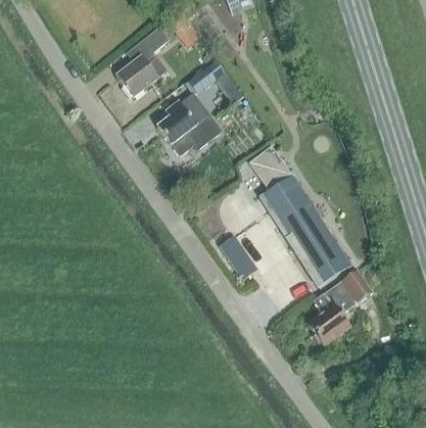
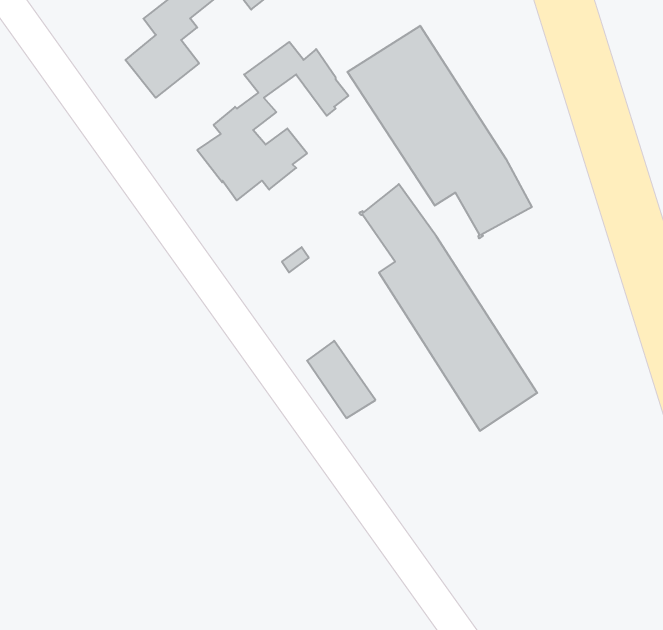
building: none -> [347,26,532,238]
building: [309,268,374,344] -> none

